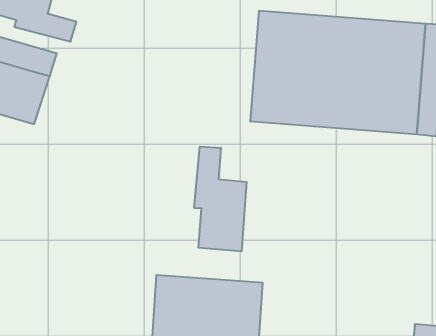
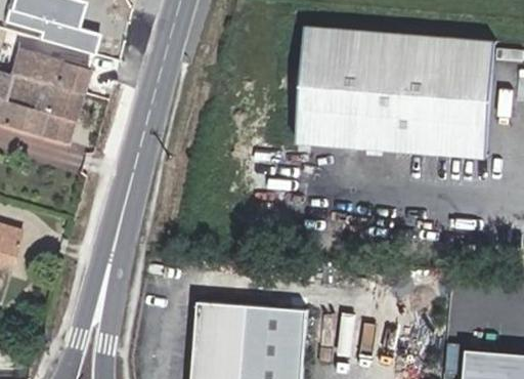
building: [194,147,247,251] -> none

